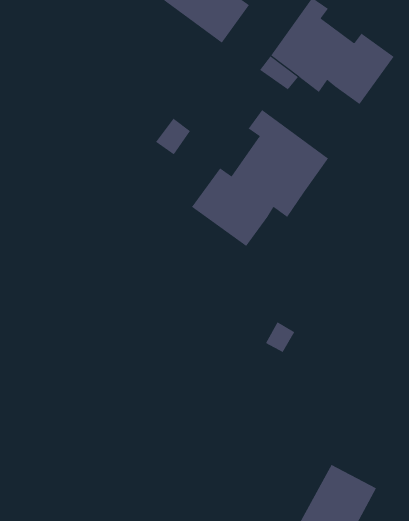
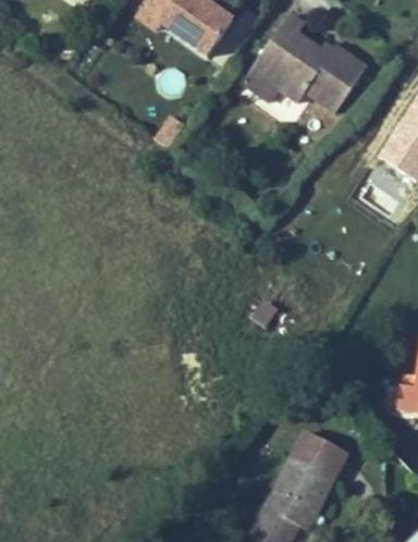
building: [191,109,329,247] -> none

